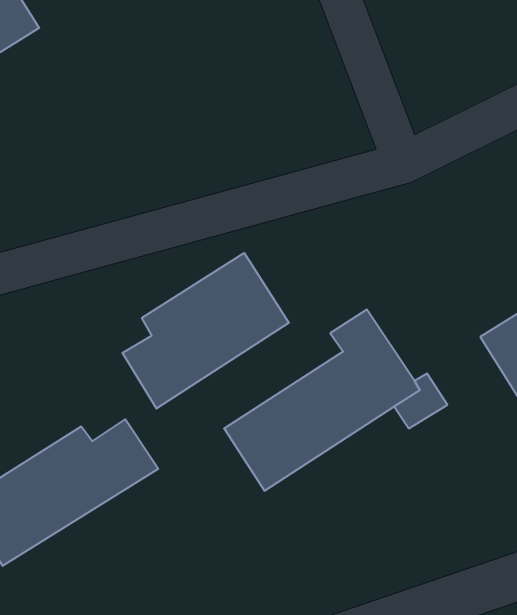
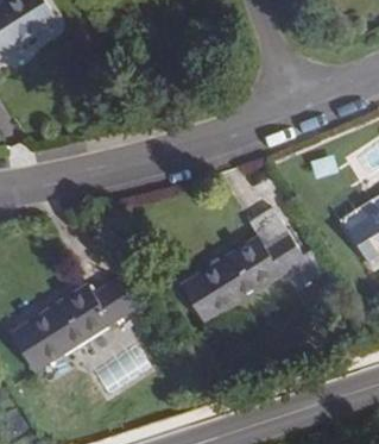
building: [122,253,289,409] -> none

